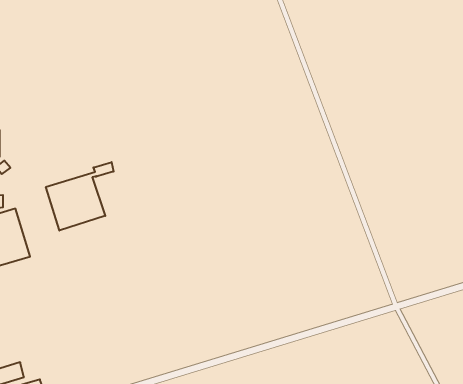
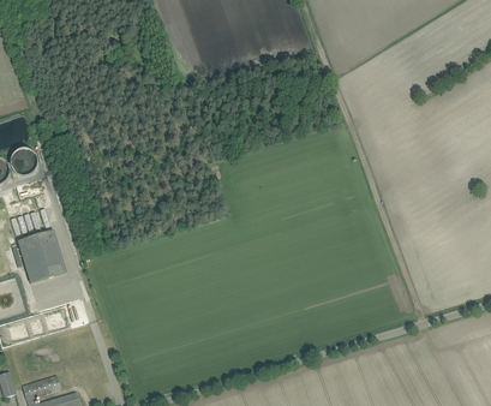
building: [46,162,114,231] -> none

